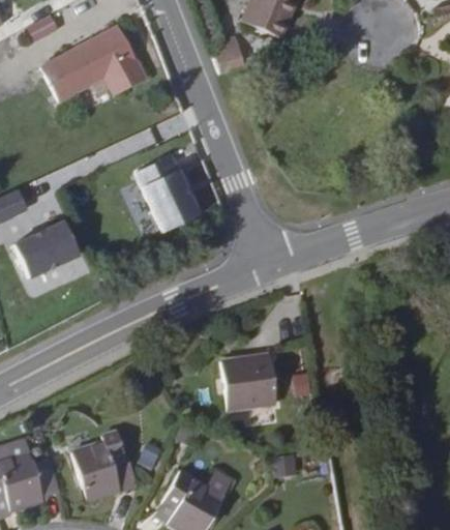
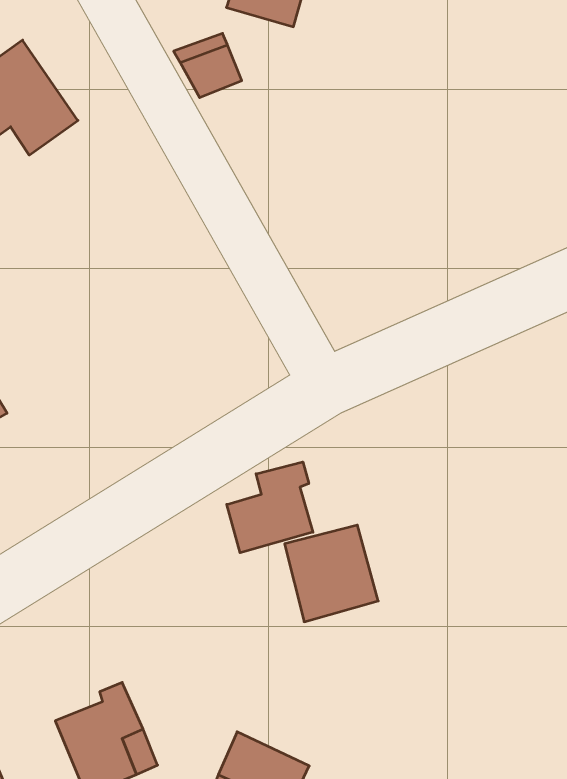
building: [136,173,199,249] -> none
building: none -> [227,462,313,553]

